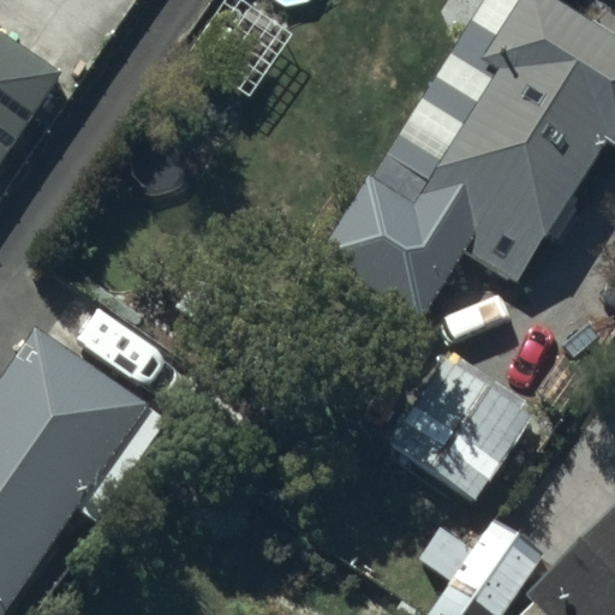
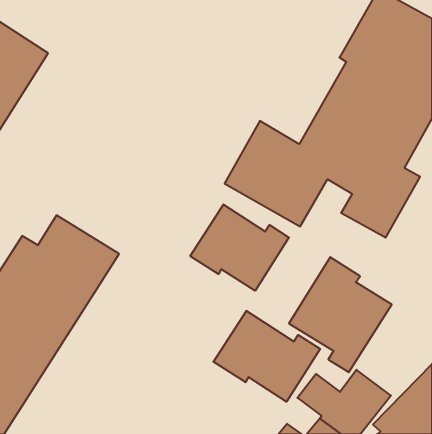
building: none -> [190,204,289,291]
building: none -> [213,311,320,402]

